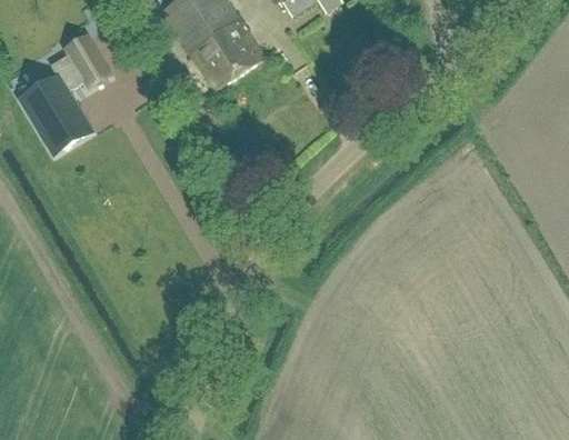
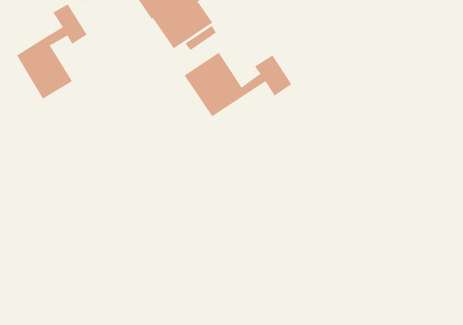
building: none -> [184,52,292,117]

